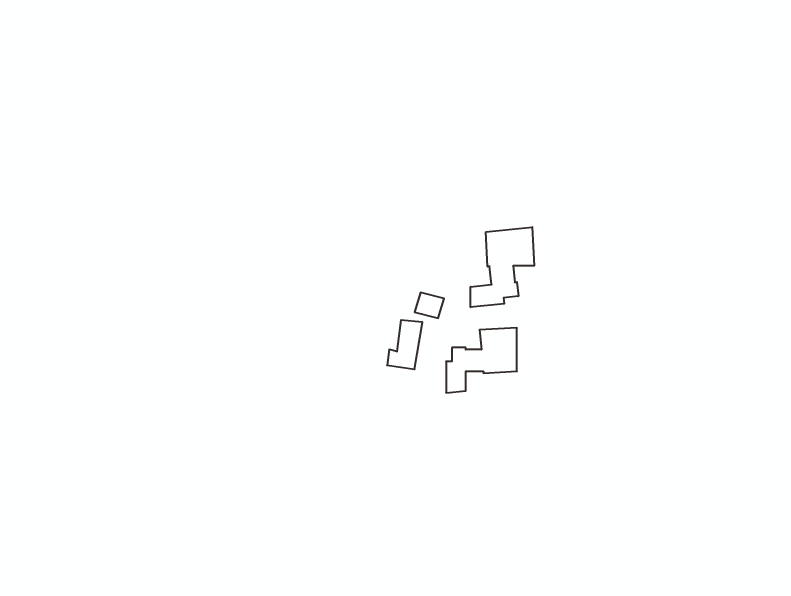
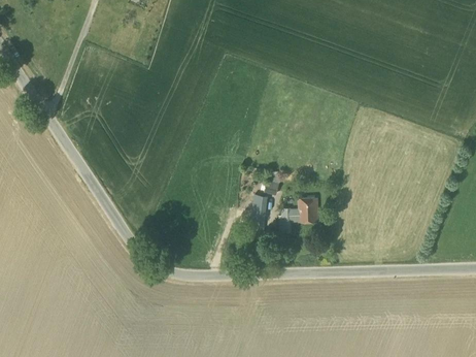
building: [471,227,534,307] -> none

